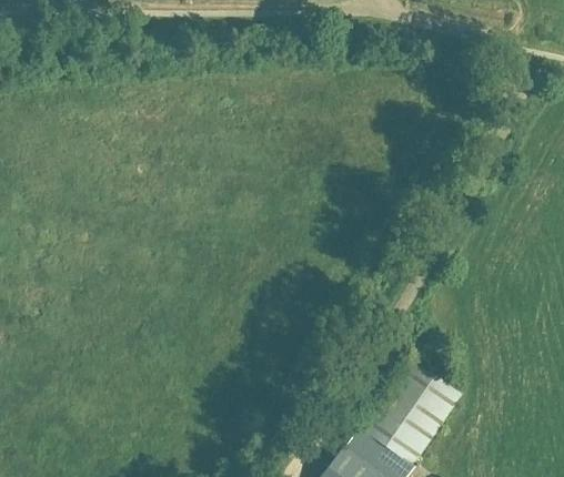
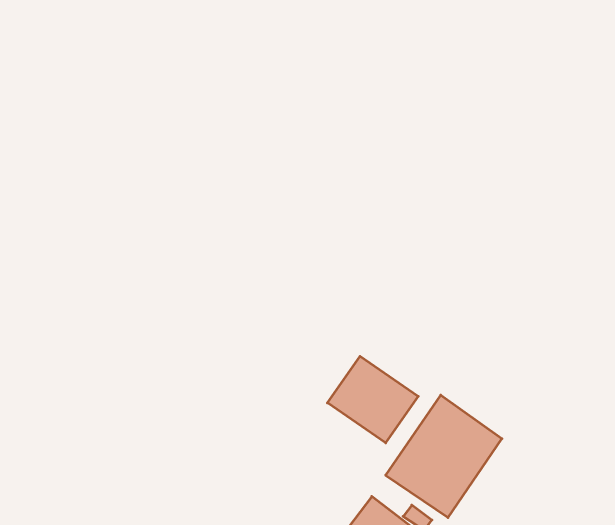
building: none -> [327,356,418,443]

